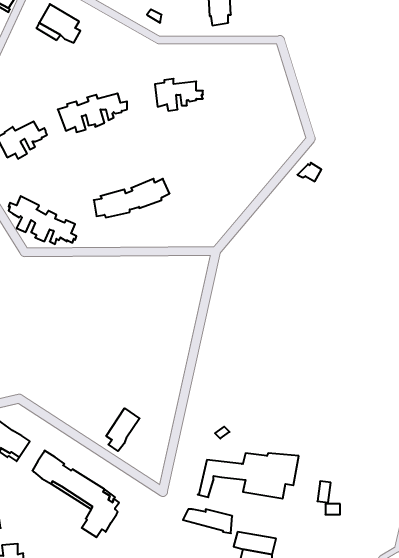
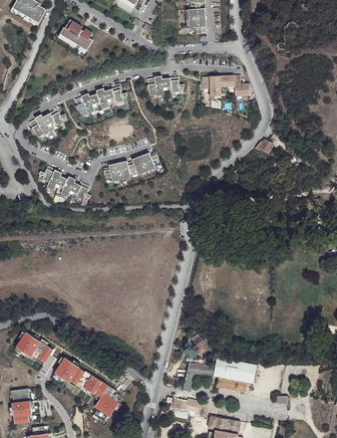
building: none -> [200,75,248,96]
building: [106,408,140,451] -> none

